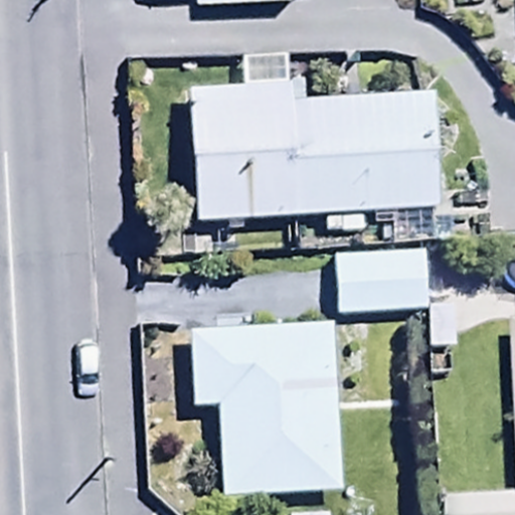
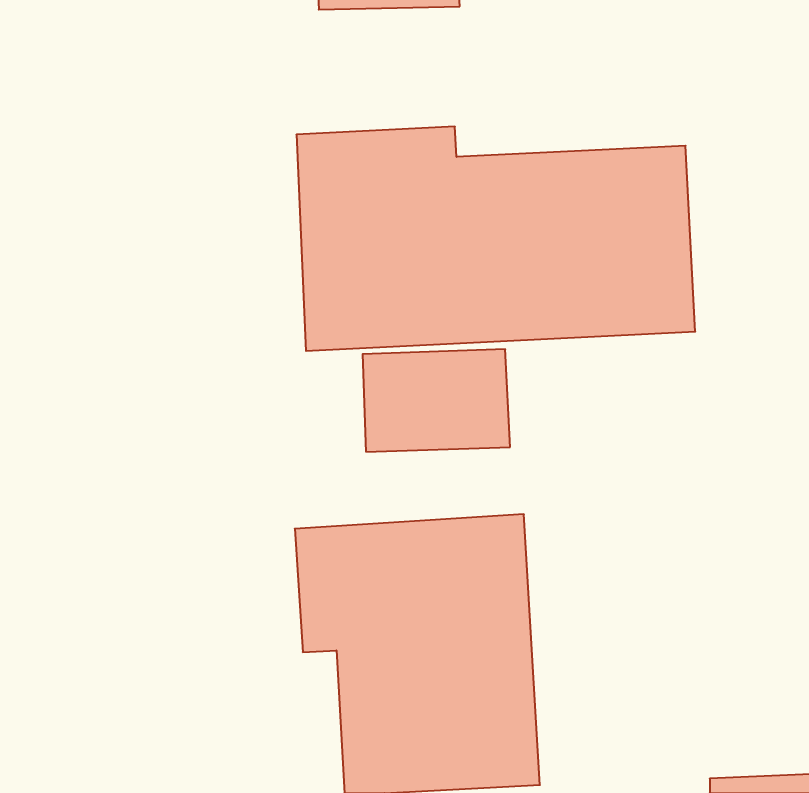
building: [336,247,428,312] -> [363,349,510,452]

